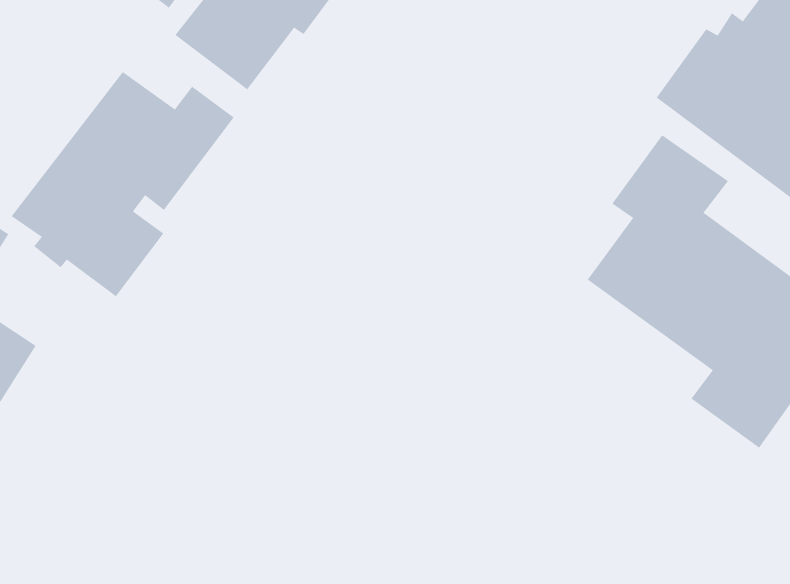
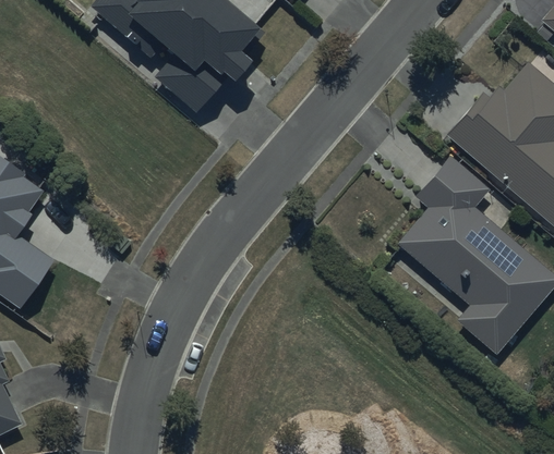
building: [11,71,234,297] -> none

